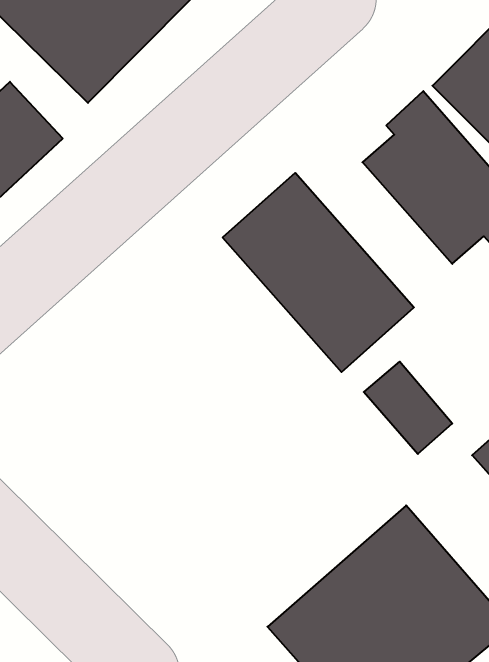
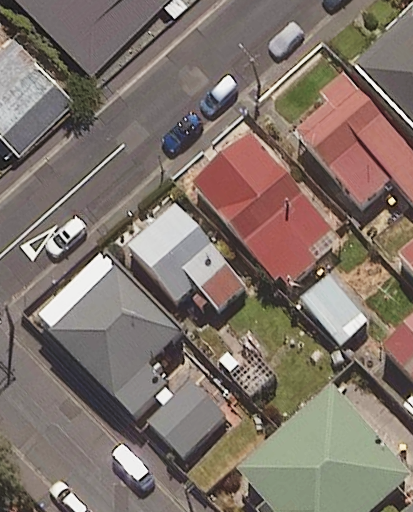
building: none -> [130,204,228,302]
building: none -> [37,254,180,397]
building: none -> [149,380,228,459]

